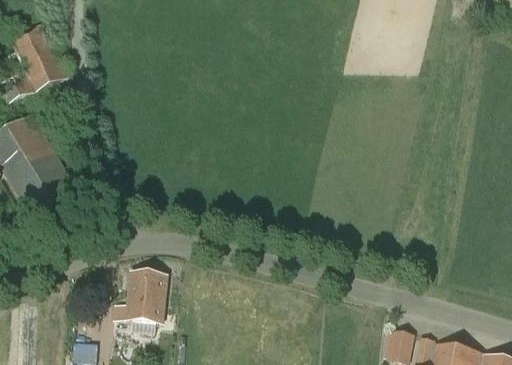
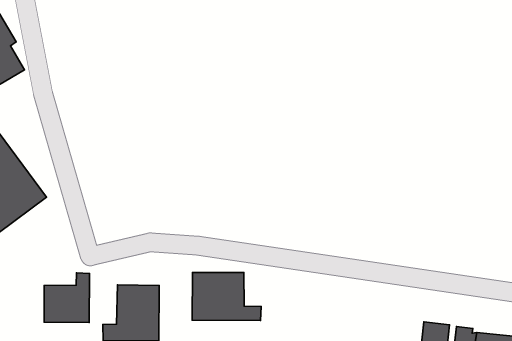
building: none -> [44,273,89,322]
building: none -> [192,272,261,320]

